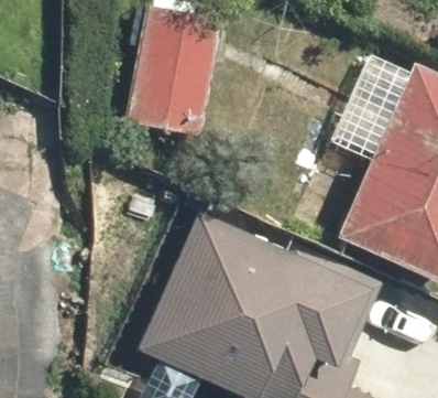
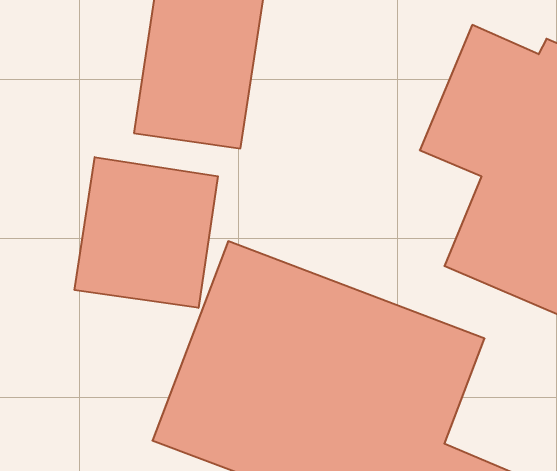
building: none -> [75,157,218,308]

